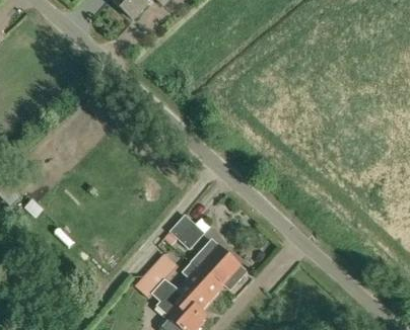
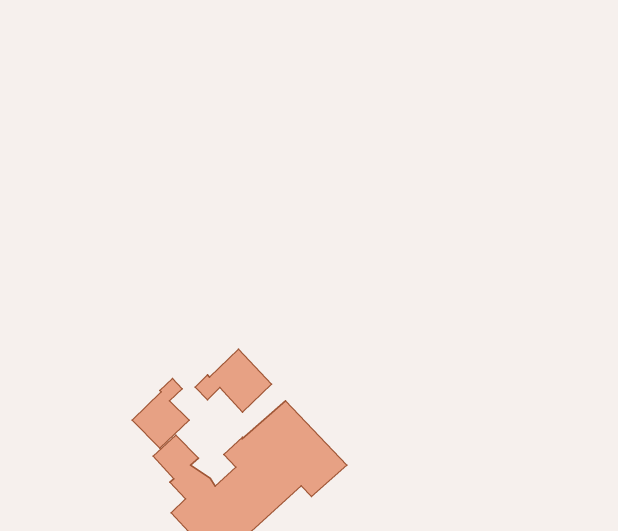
building: none -> [132,378,189,448]

